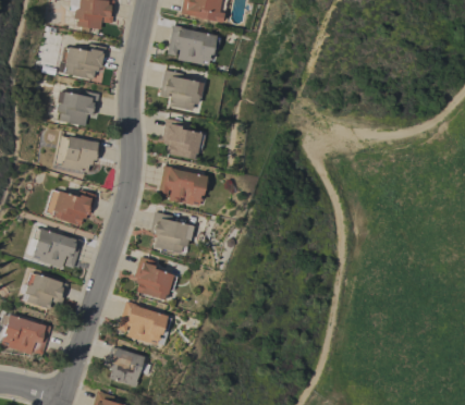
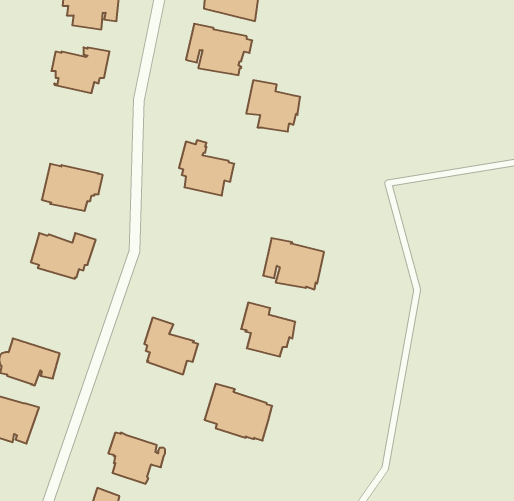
building: [160,70,203,110] -> [246,80,300,132]
building: [57,90,100,125] -> none
building: [159,165,207,206] -> [263,238,324,289]
building: [150,211,193,254] -> [241,303,295,357]
building: [26,228,83,268] -> none
building: [119,300,172,345] -> [204,384,272,441]

